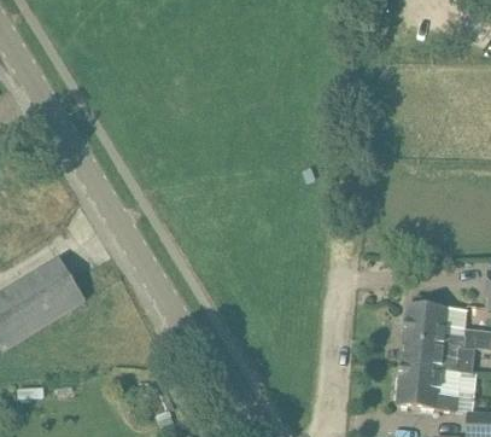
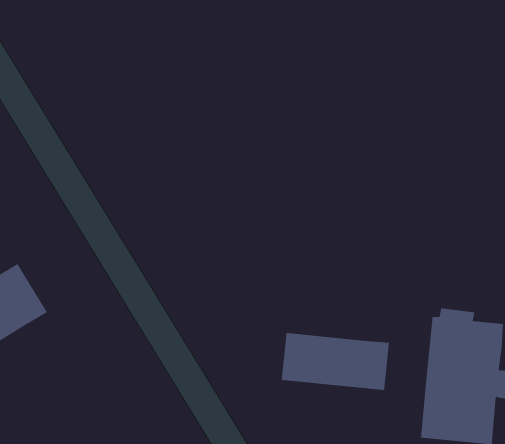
building: none -> [281,332,389,391]

